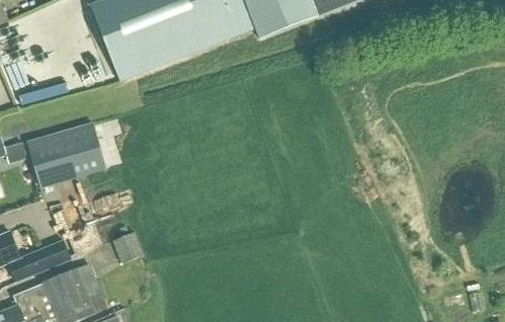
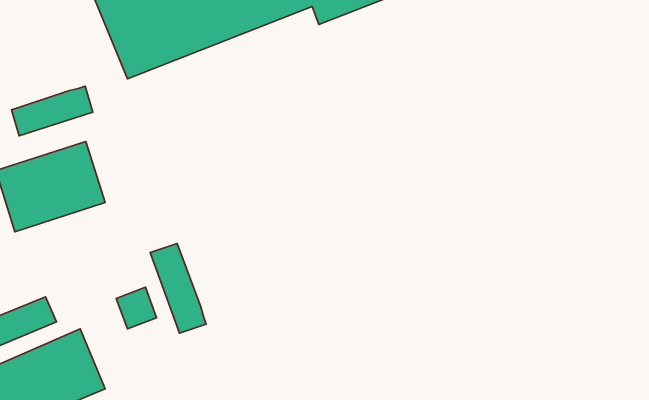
building: none -> [11,86,93,136]
building: none -> [150,244,206,333]

